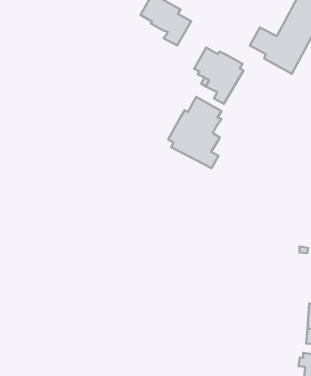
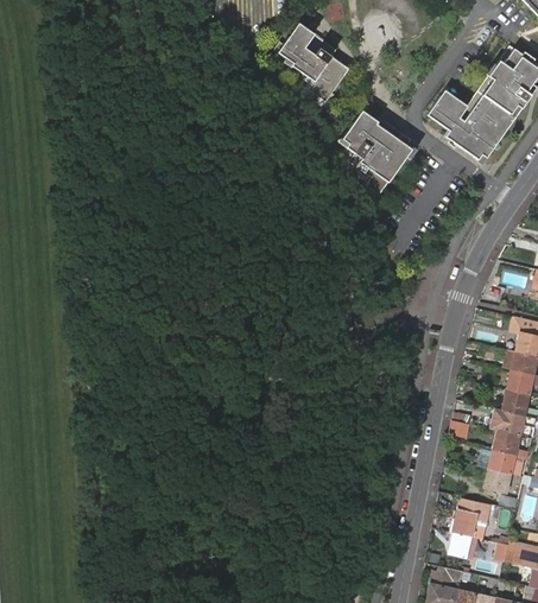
building: [168,97,221,168] -> none

